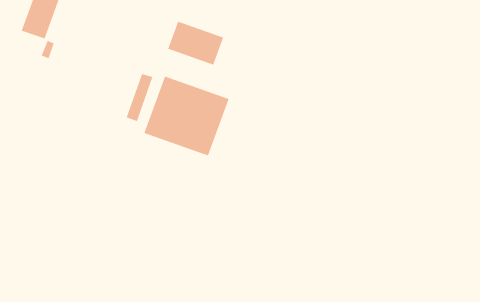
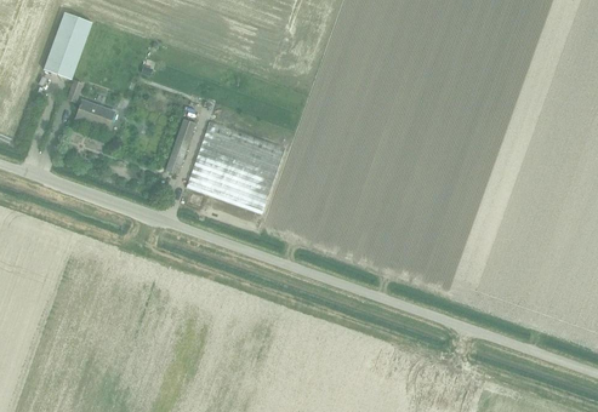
building: [167,21,224,65] -> none
building: none -> [76,99,115,130]

